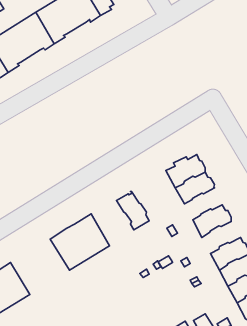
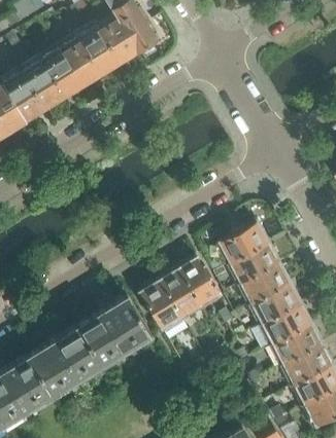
building: none -> [177,260,219,305]
building: none -> [242,265,290,304]
building: none -> [139,281,180,328]
building: none -> [264,306,311,345]
building: none -> [29,328,101,396]

